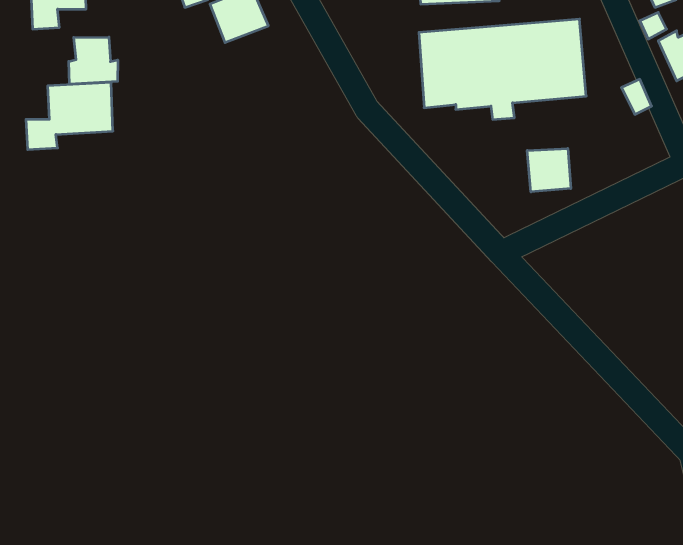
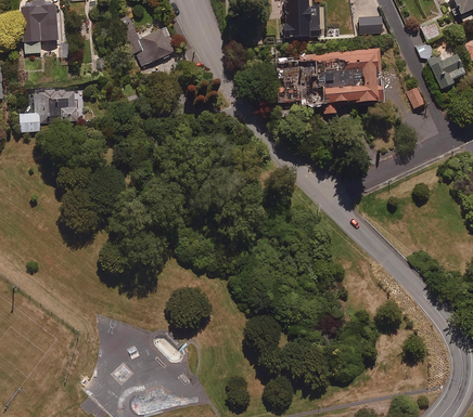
building: [69,37,118,84] -> none
building: [527,148,571,192] -> none

